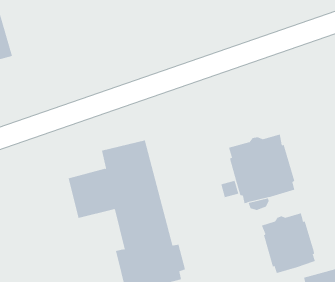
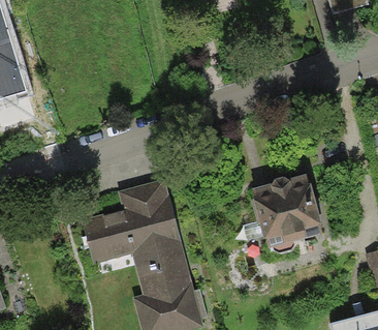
building: [261,212,316,274] -> none

